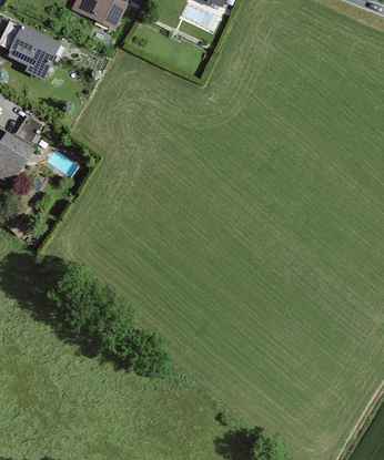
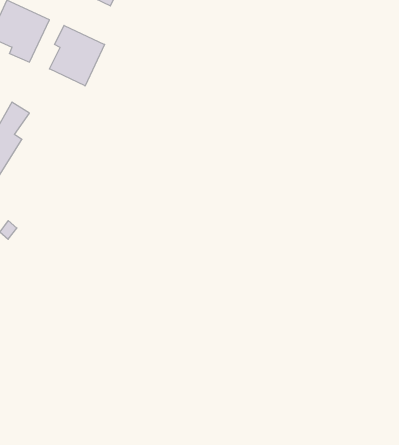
building: none -> [49,25,105,86]

